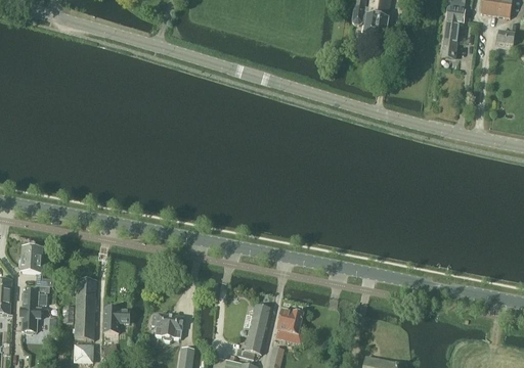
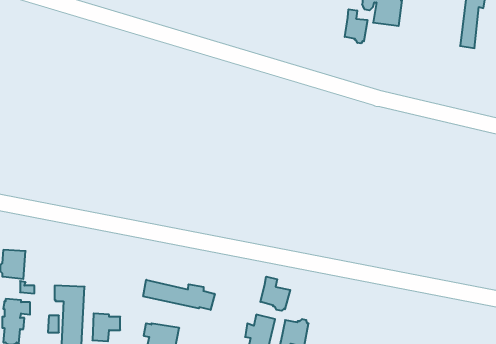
building: none -> [345,9,367,43]
building: none -> [260,277,290,311]
building: none -> [143,280,215,310]

